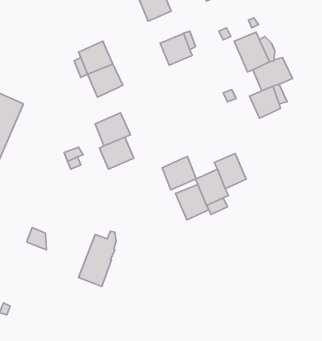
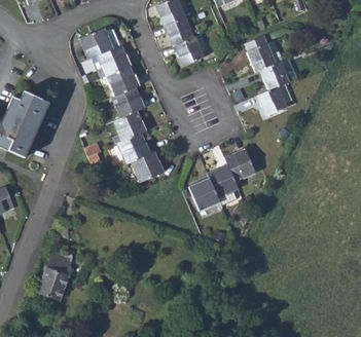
building: none -> [164,15,194,45]
building: none -> [80,27,119,58]
building: none -> [112,86,145,117]
building: [162,157,196,190] -> [132,150,164,181]
building: [79,231,116,286] -> [38,248,73,299]

